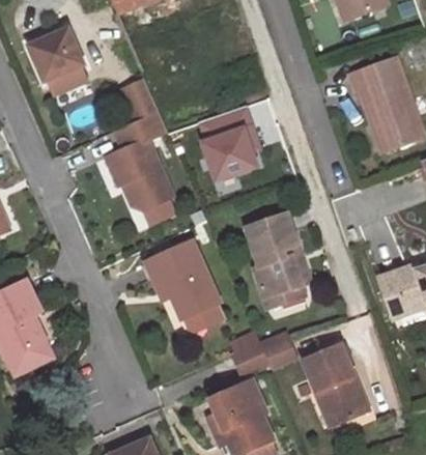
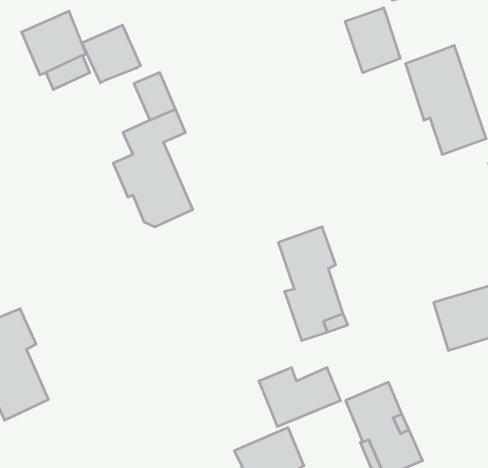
building: none -> [345,8,400,73]
building: none -> [82,25,140,83]
building: [195,109,263,180] -> none
building: [147,241,220,321] -> none

